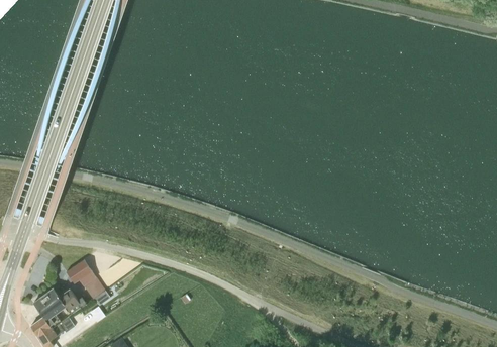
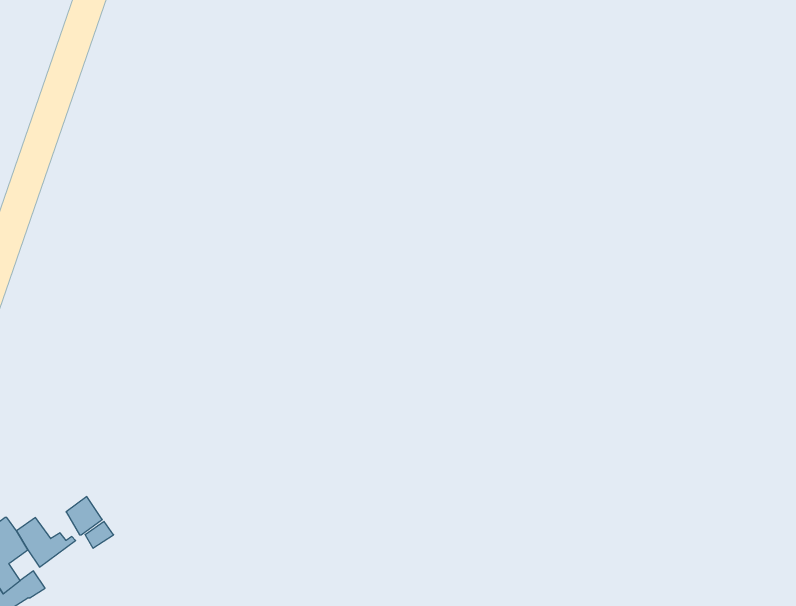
building: [66,259,96,285] -> none

